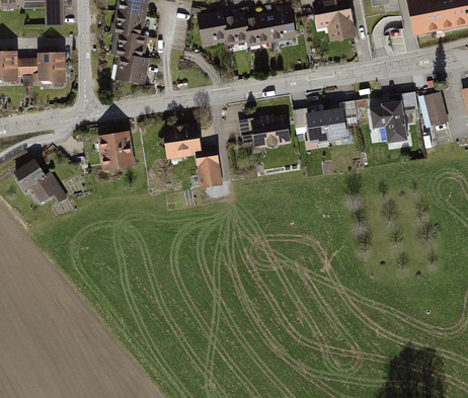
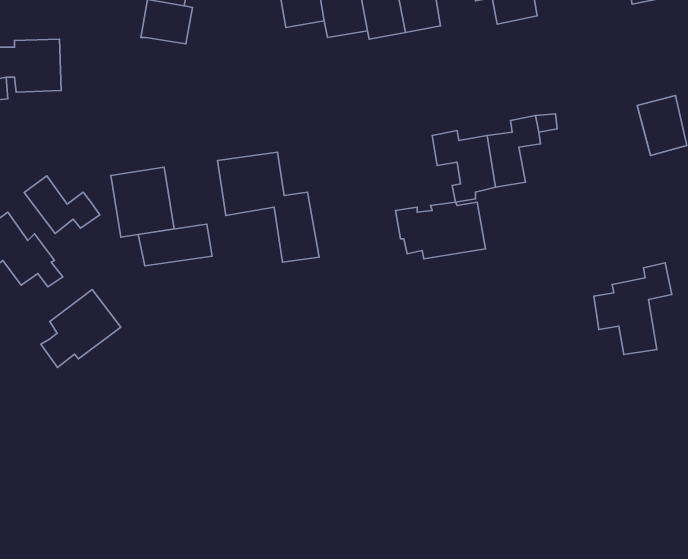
building: [113,52,146,82] -> none
building: [370,91,417,147] -> [594,263,672,354]
building: [237,115,292,150] -> [396,202,486,259]
building: none -> [24,176,100,233]
building: none -> [138,224,212,266]
building: none -> [41,290,121,368]

